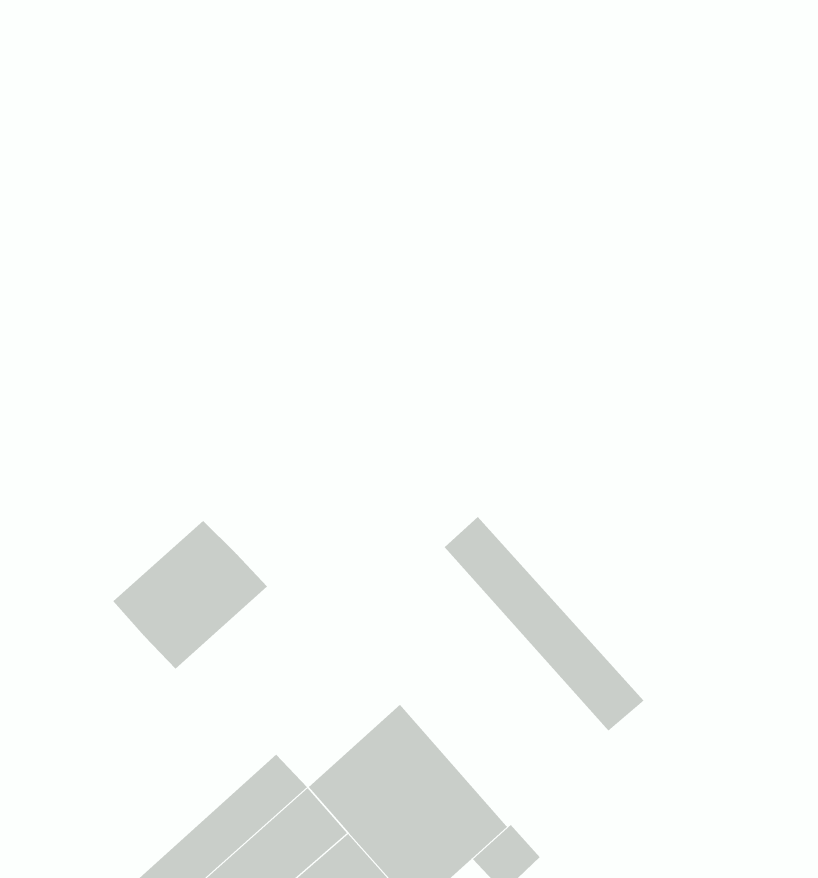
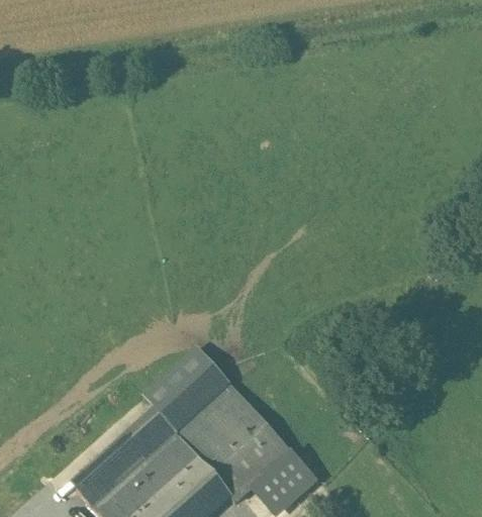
building: [444,516,645,731] -> none
building: [113,520,268,670] -> [149,353,233,435]

